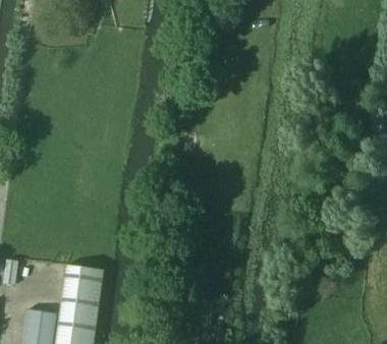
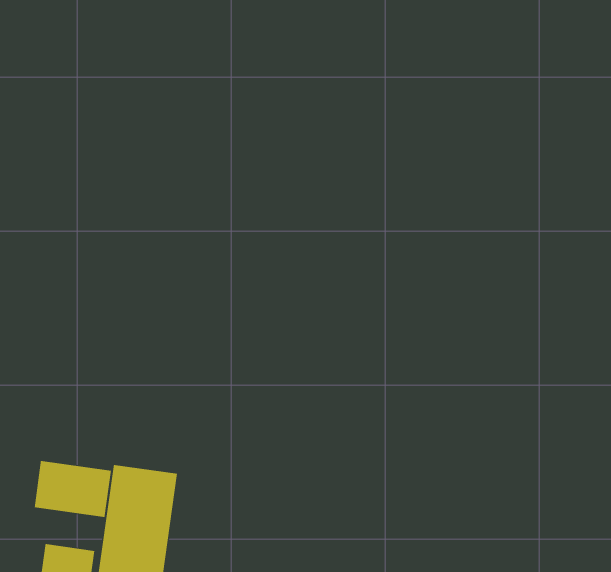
building: none -> [34,460,111,518]

